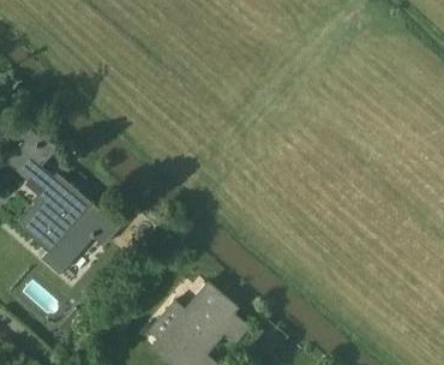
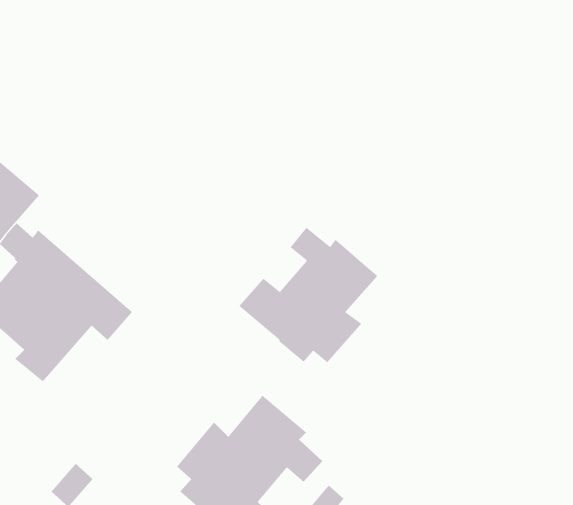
building: none -> [239,227,378,363]

